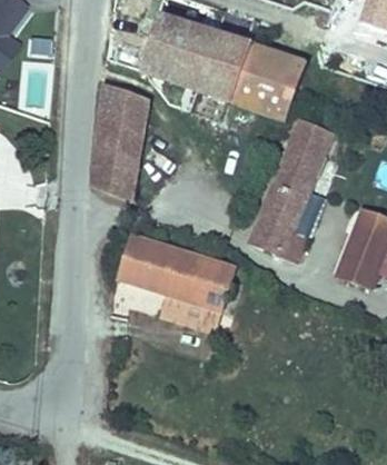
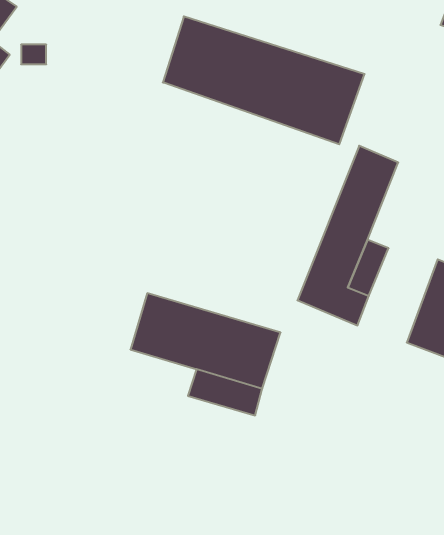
building: [95,83,147,200] -> none

